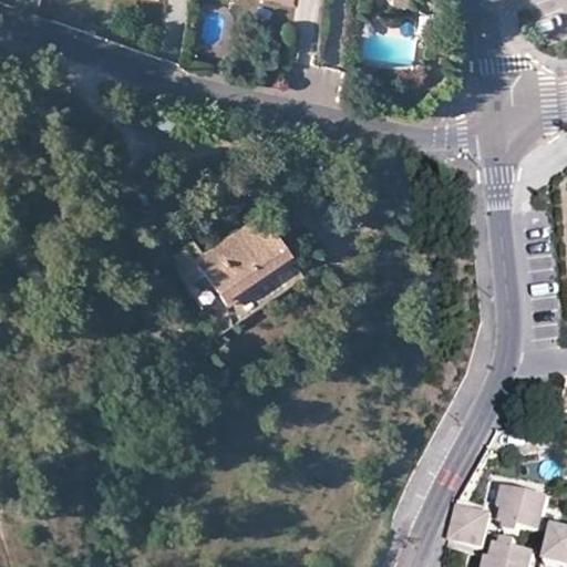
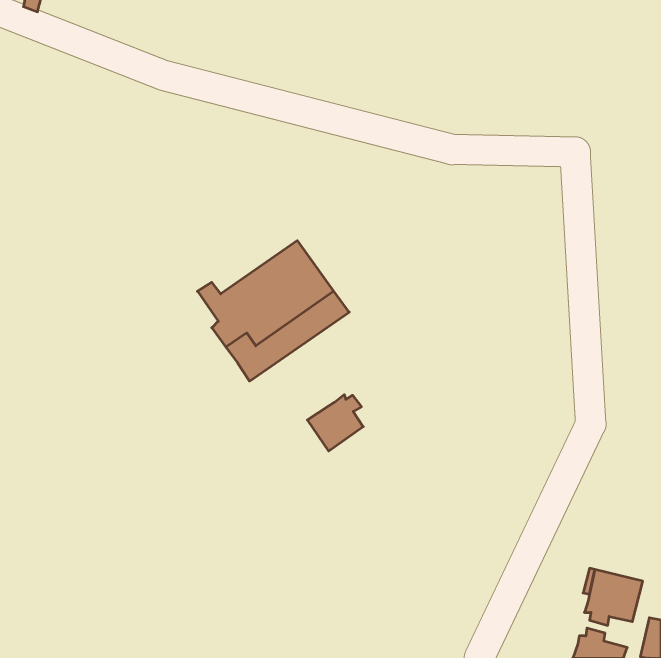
building: none -> [307,395,363,451]
building: [447,502,492,545] -> none

